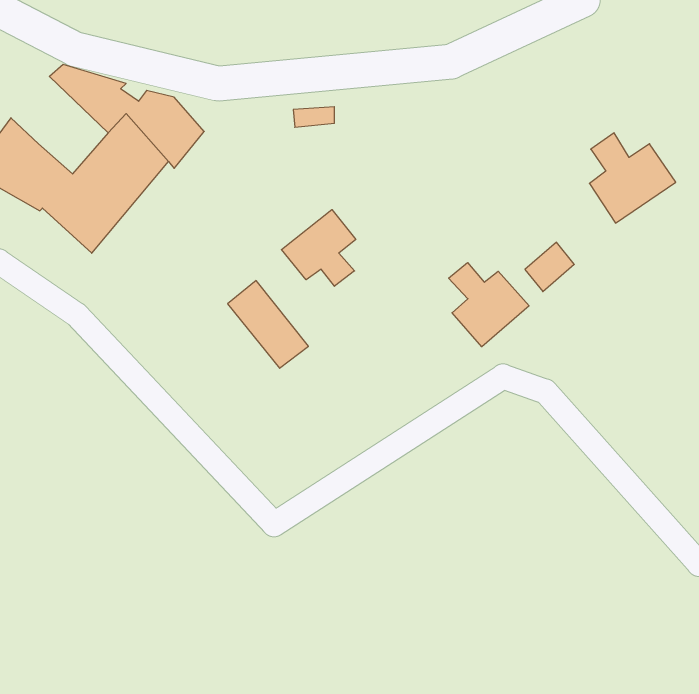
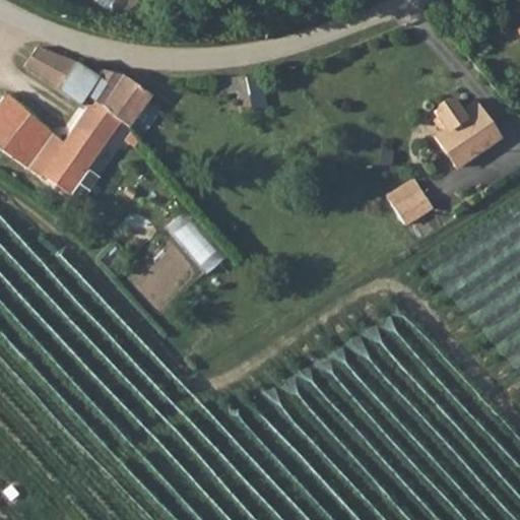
building: [281,210,356,286] -> none
building: [449,263,529,347] -> none

